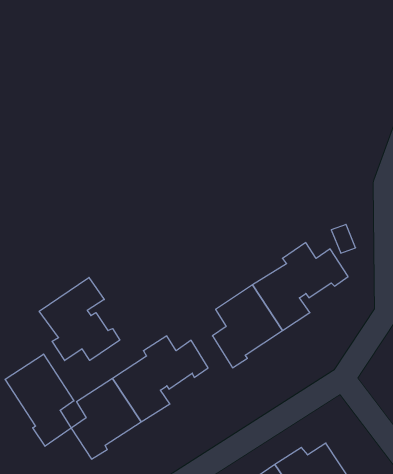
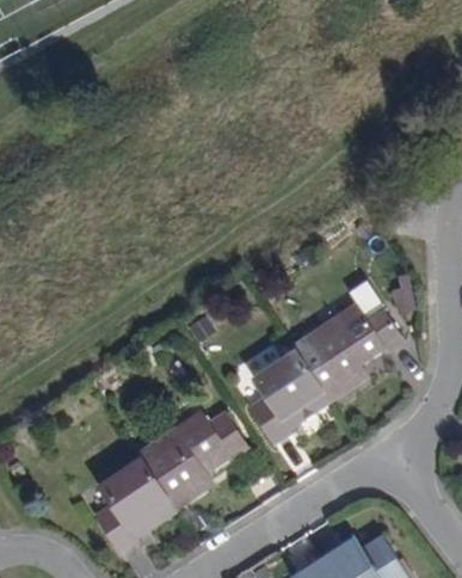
building: [39,277,120,361] -> none
building: [5,354,74,446] -> none

